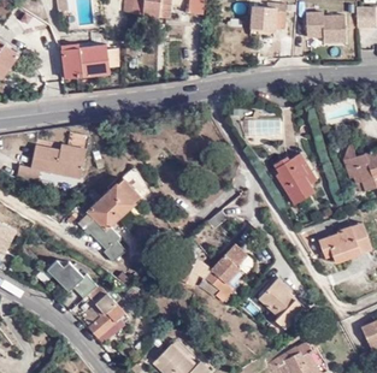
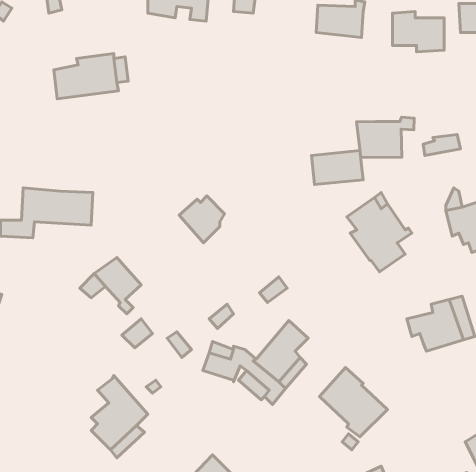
building: none -> [356,117,414,157]
building: [102,180,136,215] -> [179,196,225,243]
building: [49,257,99,297] -> none

